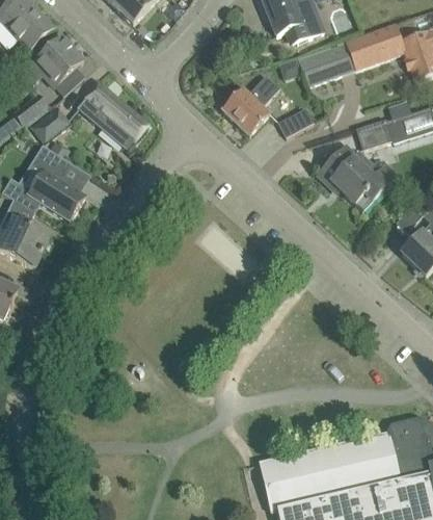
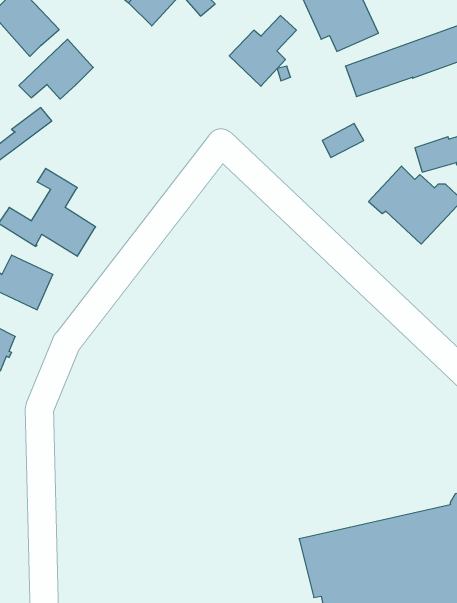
building: [222,76,279,136] -> [229,16,296,86]
building: [78,81,148,148] -> none
building: [29,105,70,144] -> none

